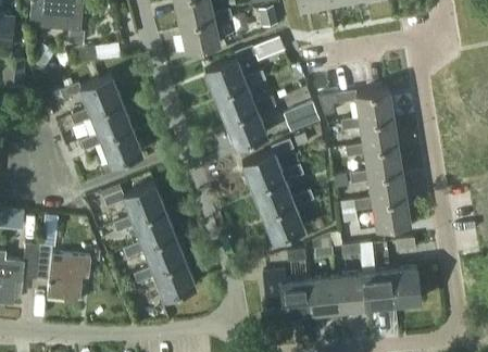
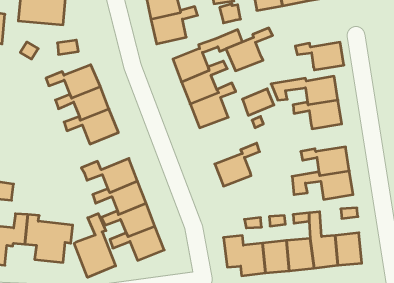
building: [241,140,295,189] -> [226,28,273,71]
building: [346,143,401,175] -> [295,42,344,70]
building: [262,184,322,241] -> none
building: none -> [74,214,116,277]

